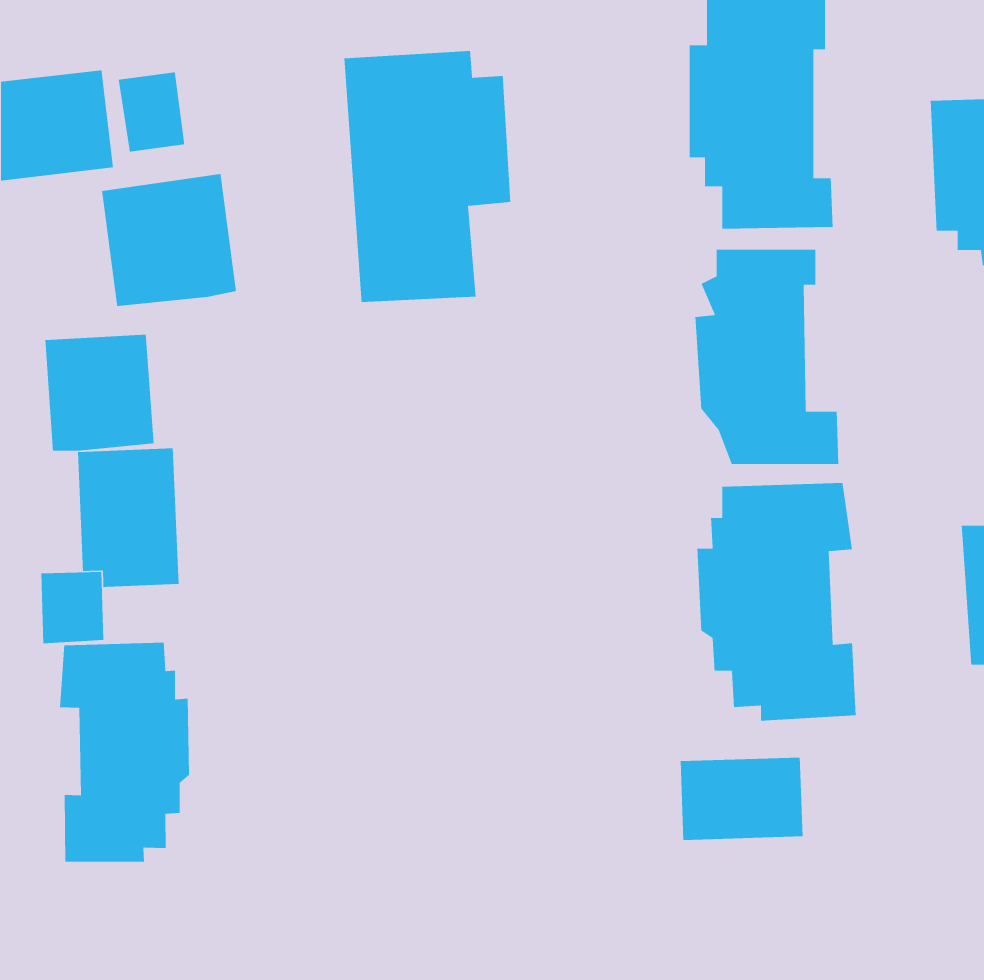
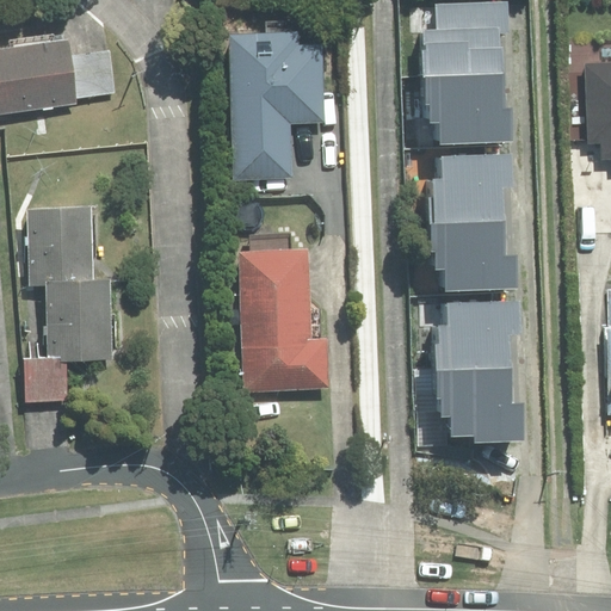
building: [101,173,237,307] -> none
building: none -> [229,252,323,395]
building: [59,642,190,863] -> none
building: [680,757,803,841] -> none

